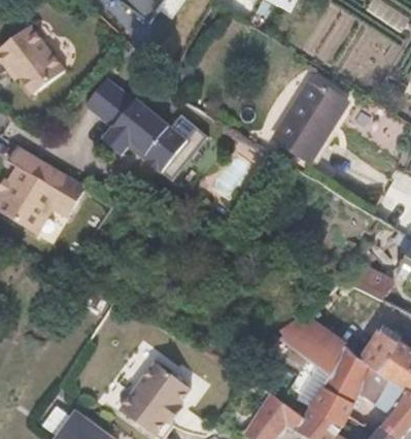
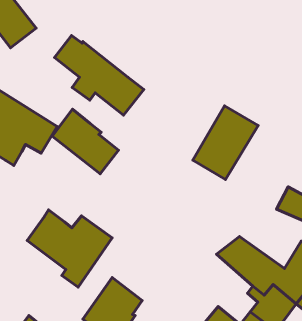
building: [275,77,351,163] -> [193,106,258,180]
building: none -> [52,109,118,174]
building: none -> [27,210,112,287]

